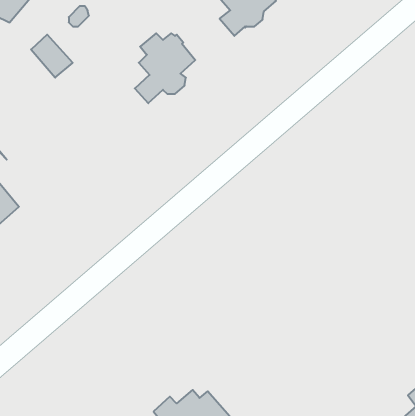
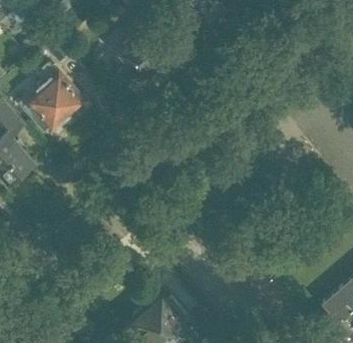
building: none -> [27,62,81,131]

